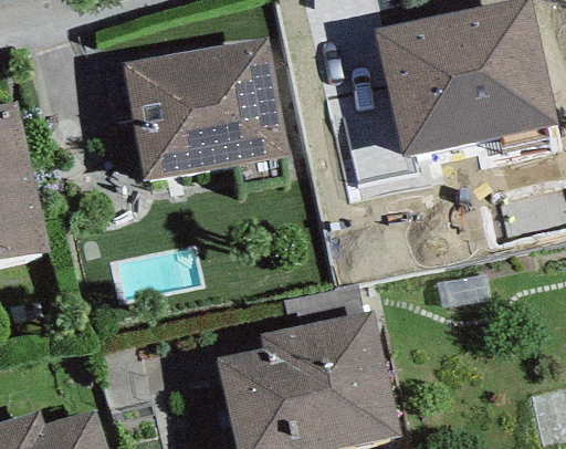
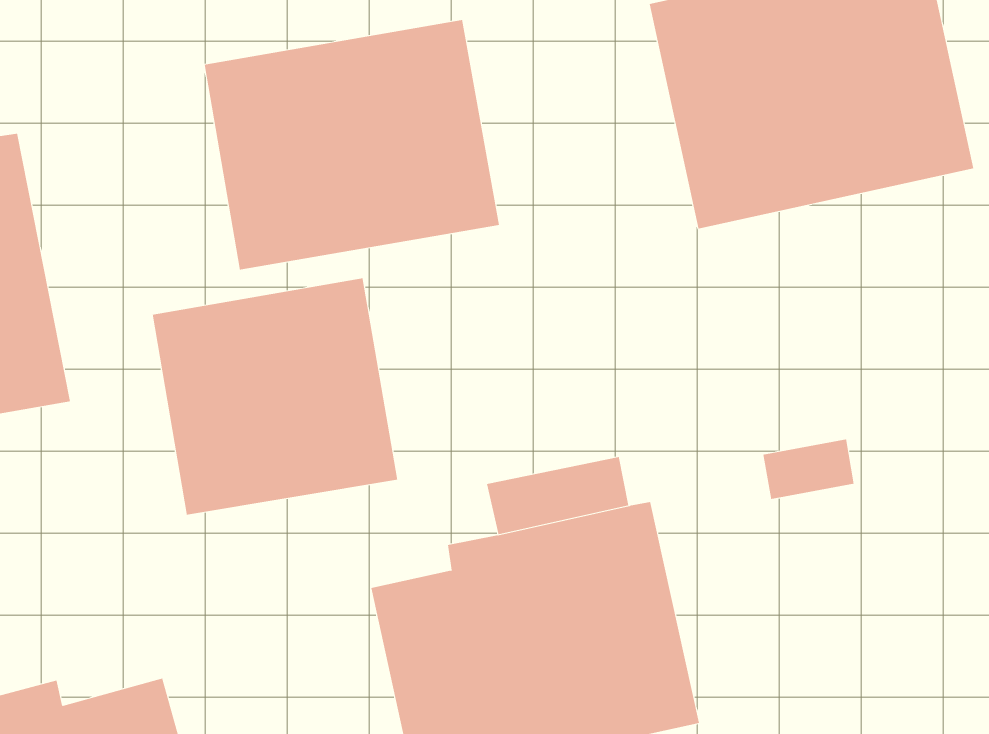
building: none -> [152,277,398,515]

